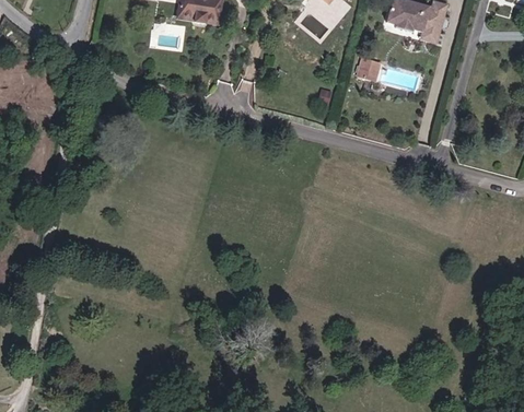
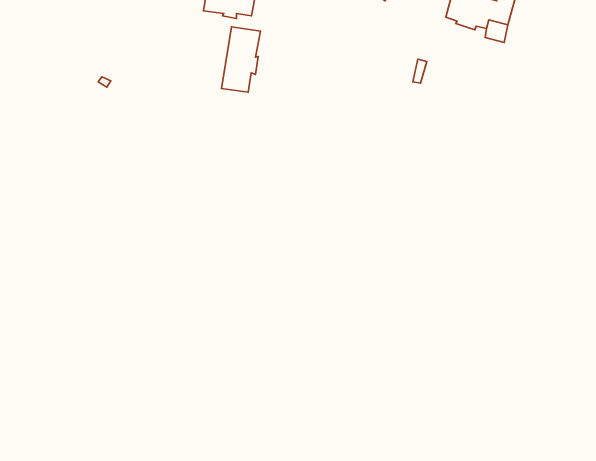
building: none -> [221,27,260,92]

